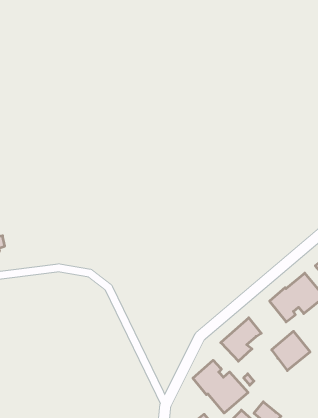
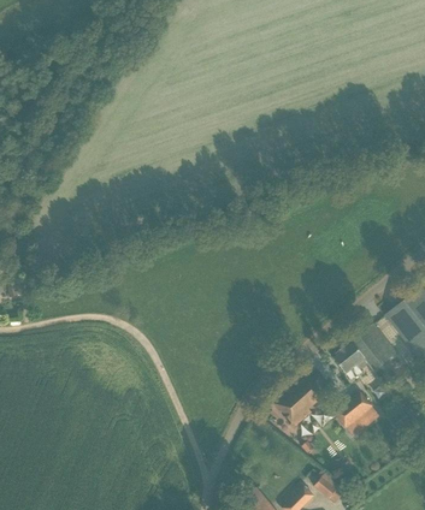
building: [193,360,248,413] -> none

